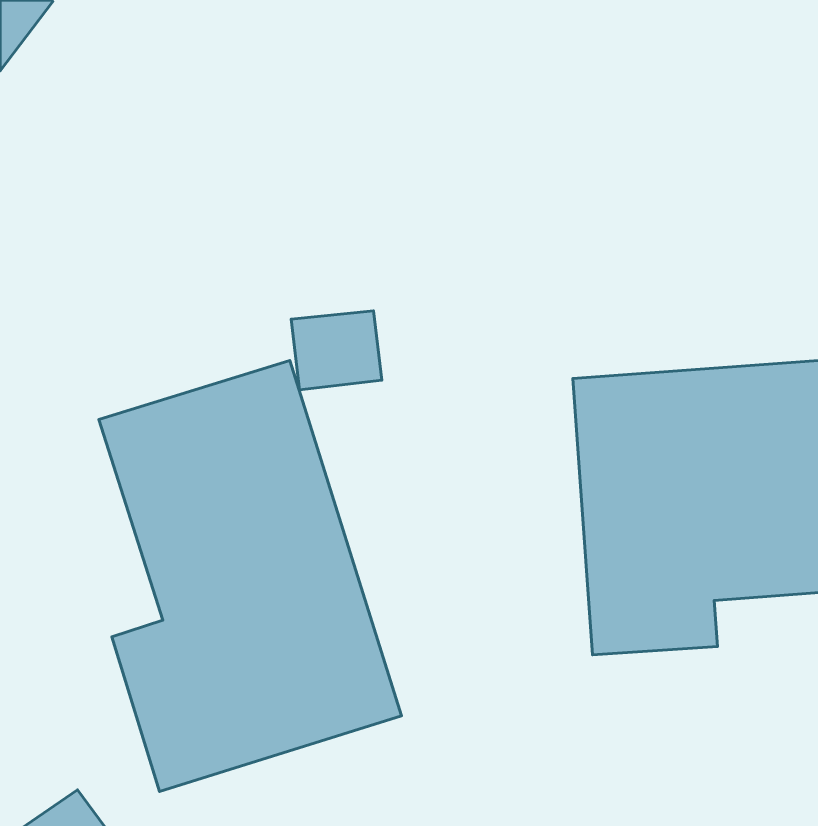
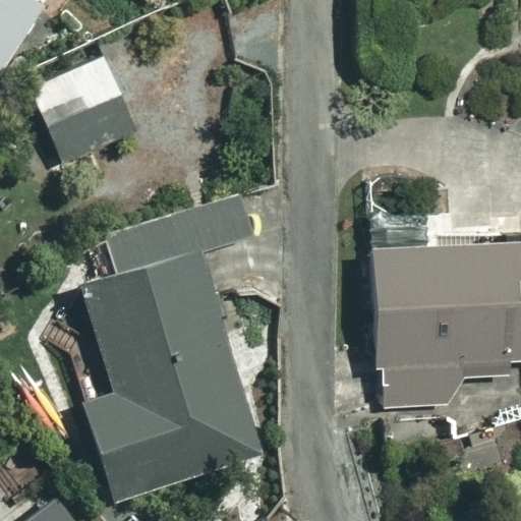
building: none -> [33,56,139,162]

